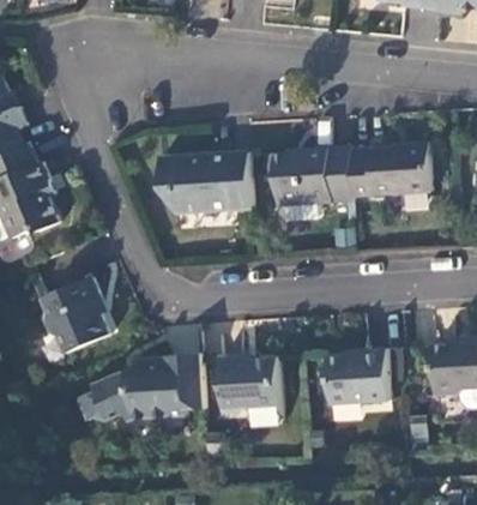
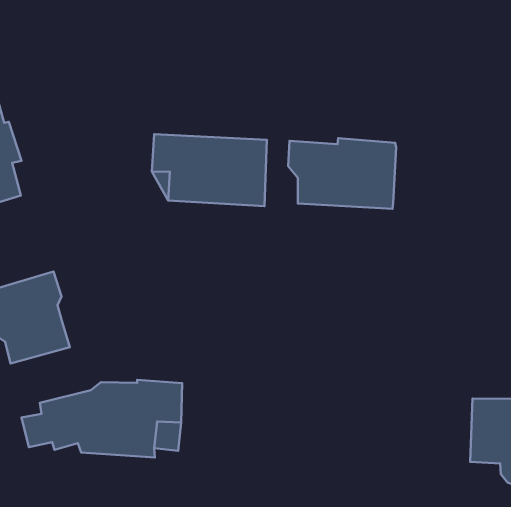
building: [350,143,429,196] -> none
building: [327,348,390,402] -> none
building: [218,354,279,413] -> none

